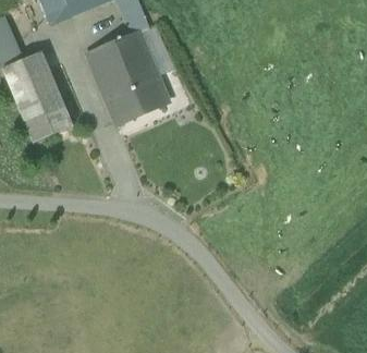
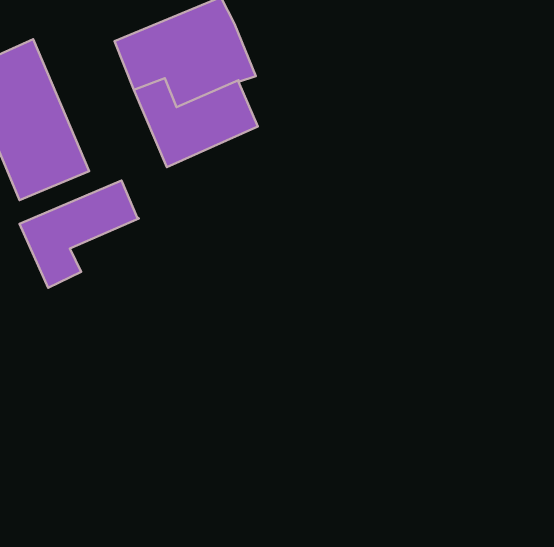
building: none -> [20,180,139,288]

